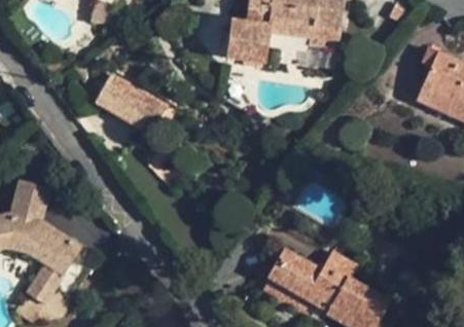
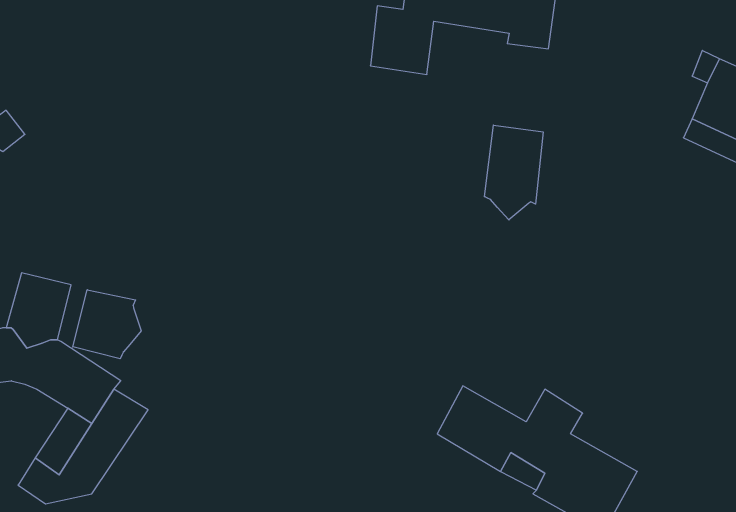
building: [93,74,175,135] -> none
building: none -> [484,125,543,220]
building: none -> [73,290,141,359]

